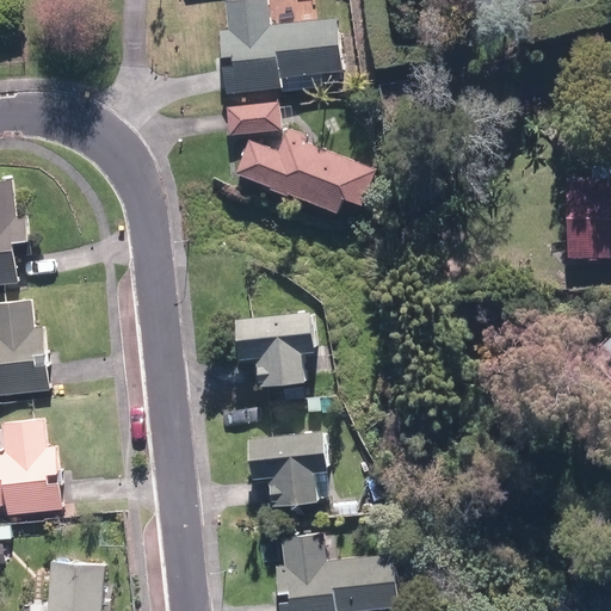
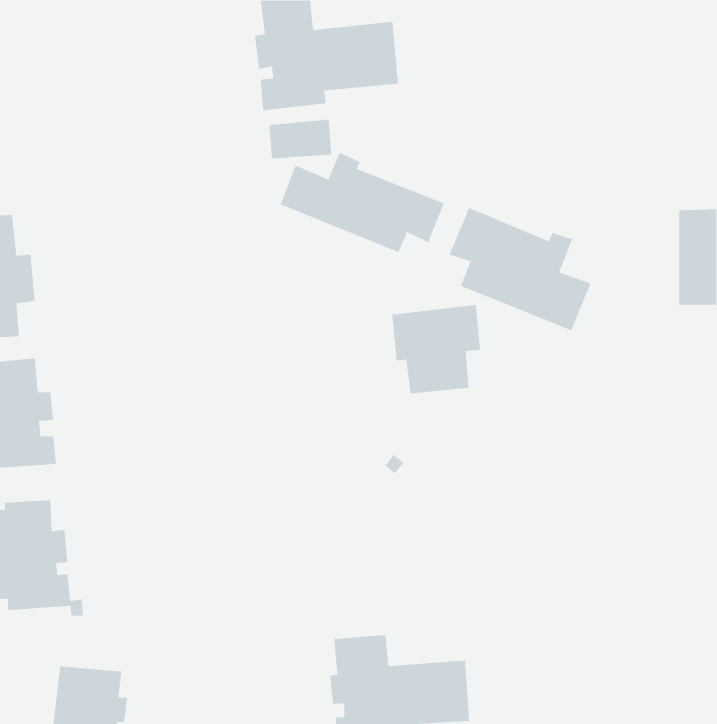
building: none -> [449,207,591,331]
building: [241,311,316,387] -> [391,305,481,394]
building: [253,431,331,506] -> none

